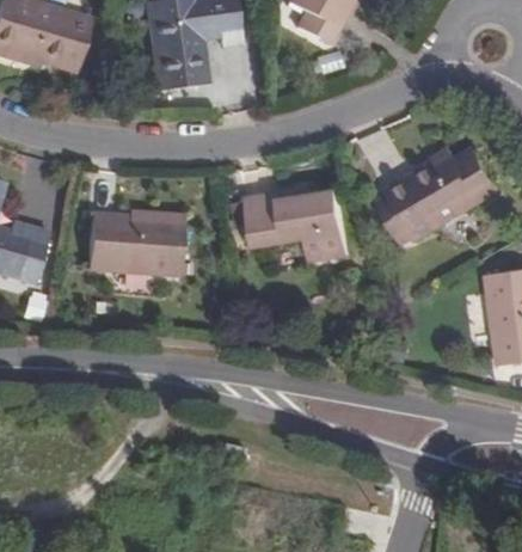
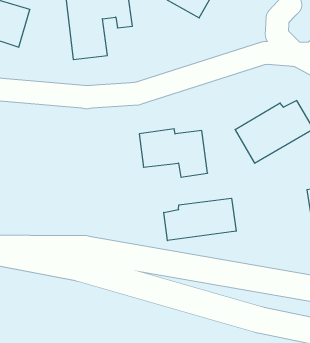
building: [86,210,180,271] -> none
building: none -> [164,198,236,241]

